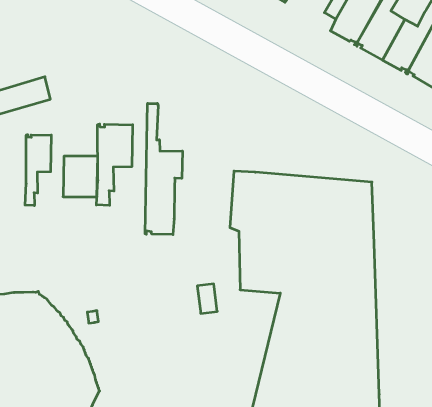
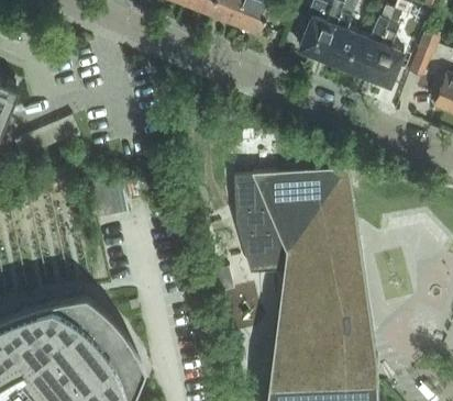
building: [145,103,182,235] -> none
building: [96,124,133,205] -> none
building: [25,135,51,206] -> none

